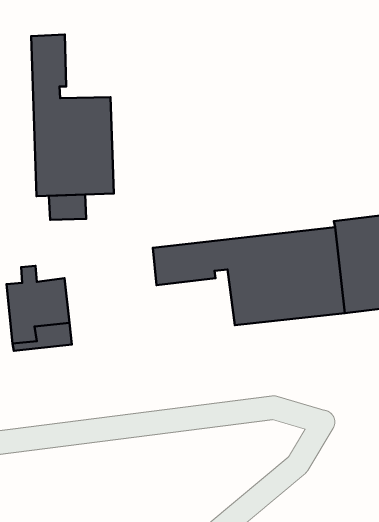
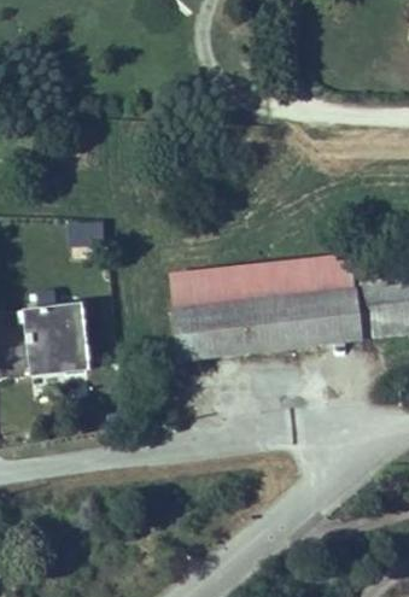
building: [31,35,114,196] -> none
building: none -> [171,294,250,358]

